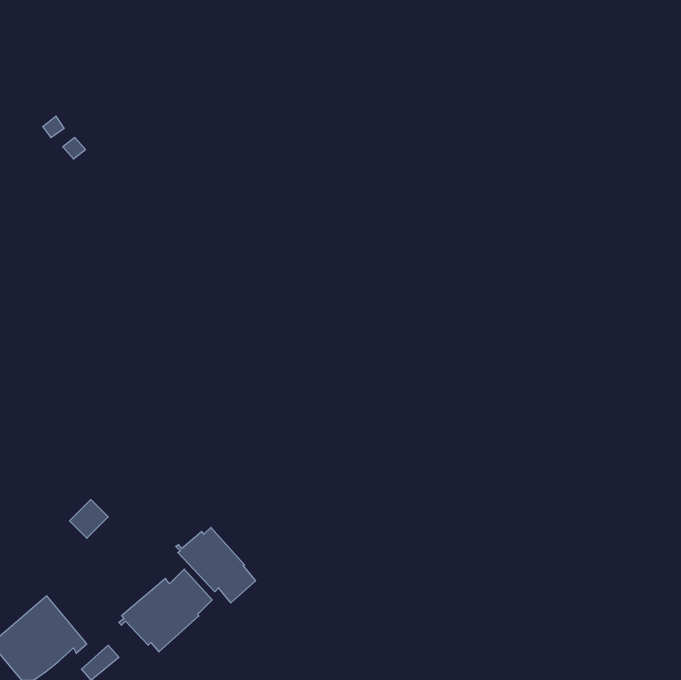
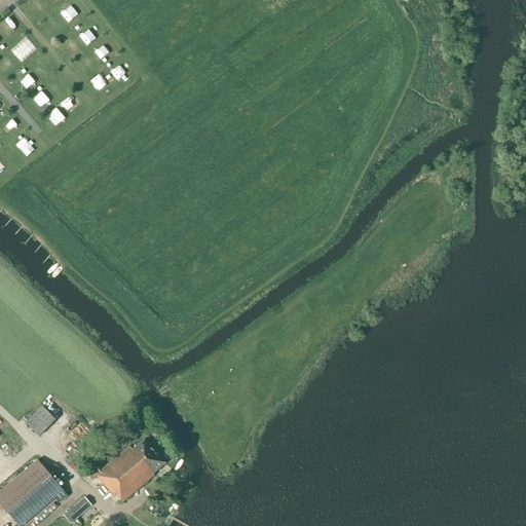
building: [70,500,108,538] -> [25,405,54,435]
building: [176,527,256,603] -> none

